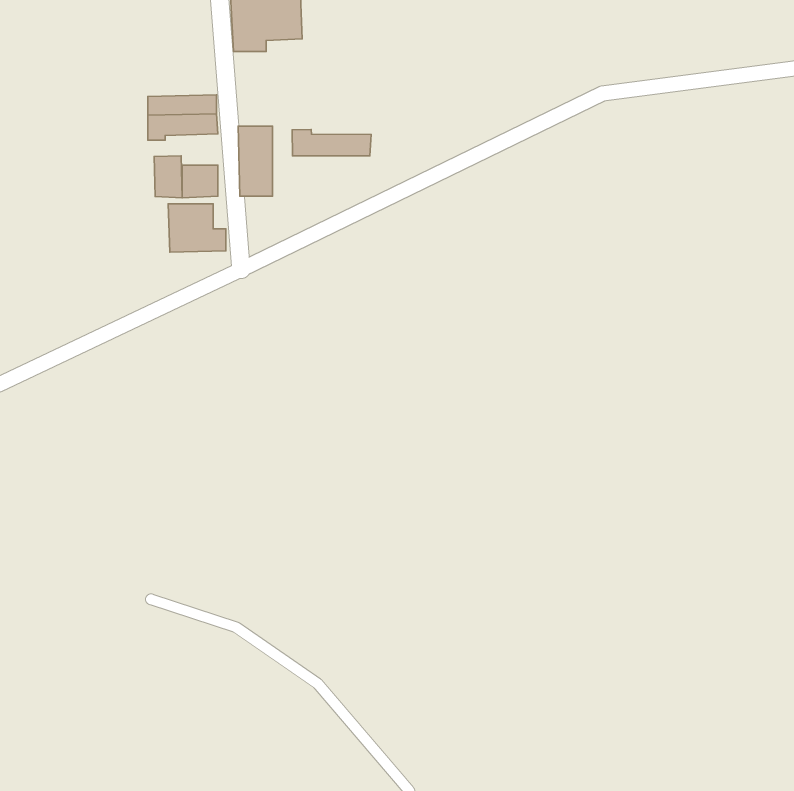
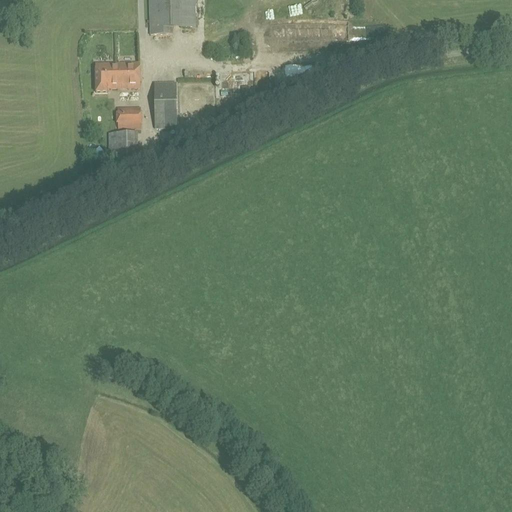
building: [292,129,371,156] -> none
building: [154,156,182,198] -> none

